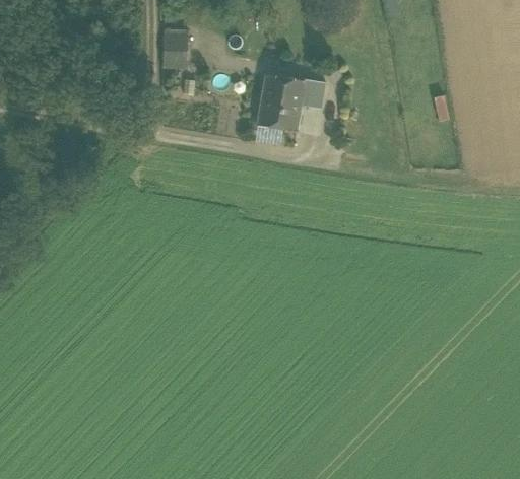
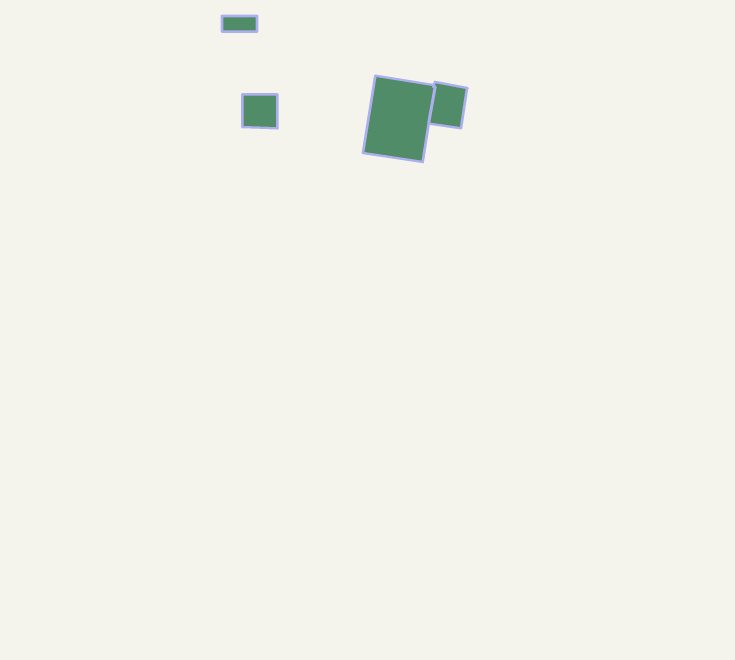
building: [164,44,187,66] -> [242,95,277,128]

